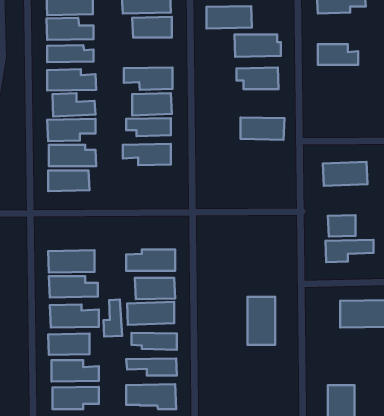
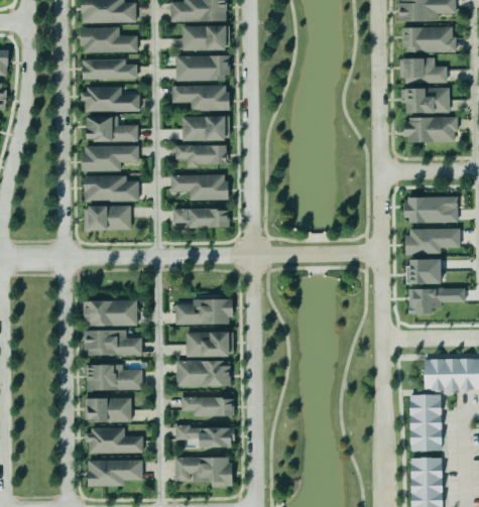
building: [206,6,252,28] -> [175,54,229,81]
building: [234,34,281,57] -> [401,26,456,52]
building: [236,68,279,89] -> [400,87,450,112]
building: [241,117,284,140] -> [405,116,457,142]
building: none -> [172,208,229,228]
building: none -> [406,228,460,254]
building: [248,297,275,345] -> [410,394,443,451]
building: [103,299,122,336] -> none

